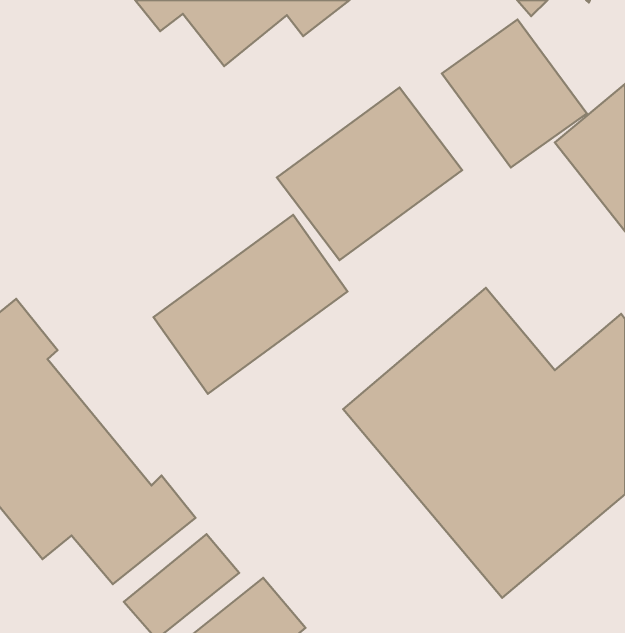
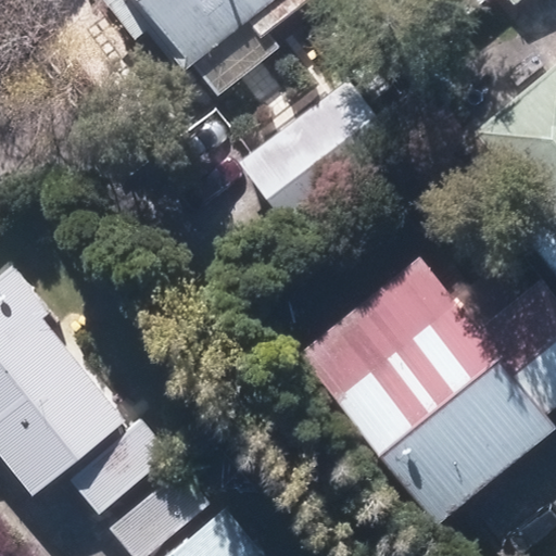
building: [442,19,587,167] -> none
building: [154,215,348,394] -> none

